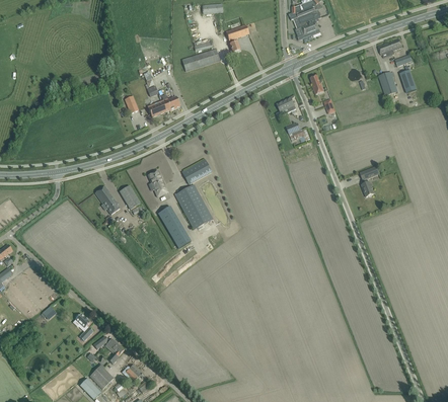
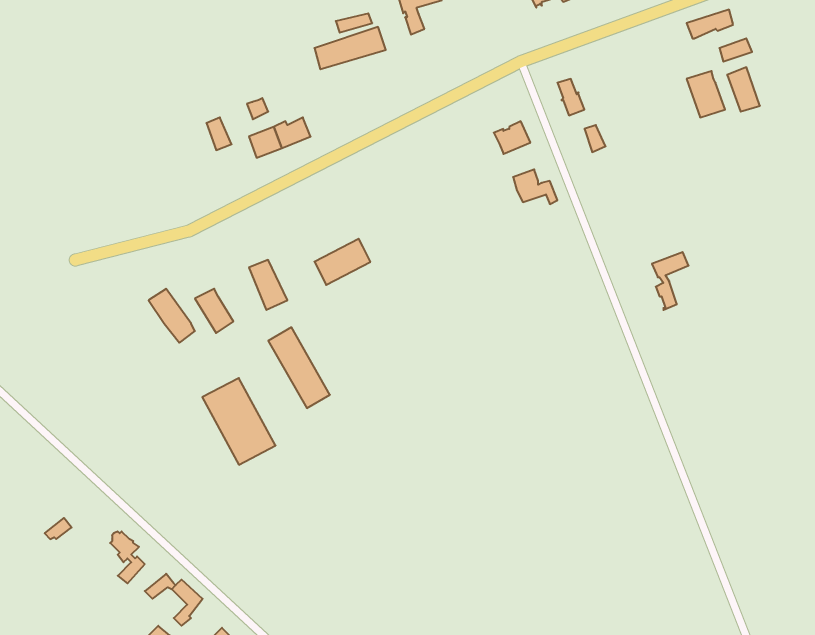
building: [174,183,213,229] -> [202,378,276,465]

